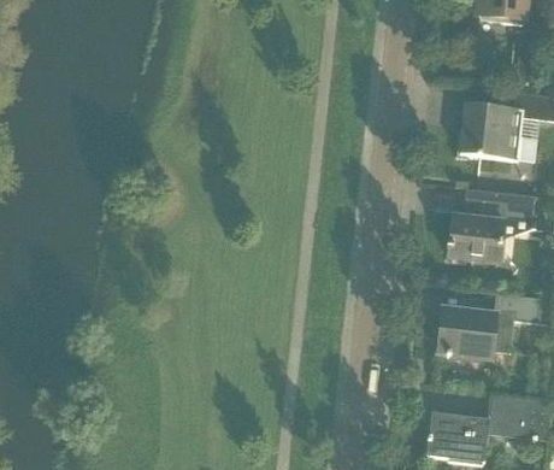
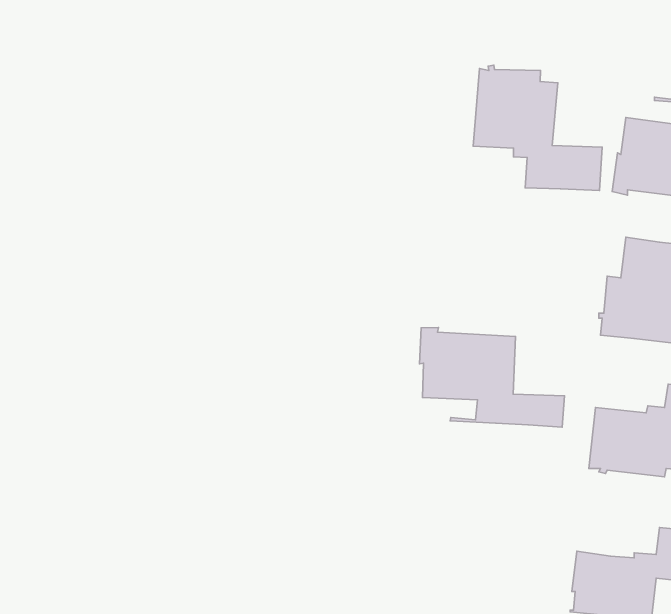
building: none -> [473,65,602,191]
building: none -> [420,328,565,427]

